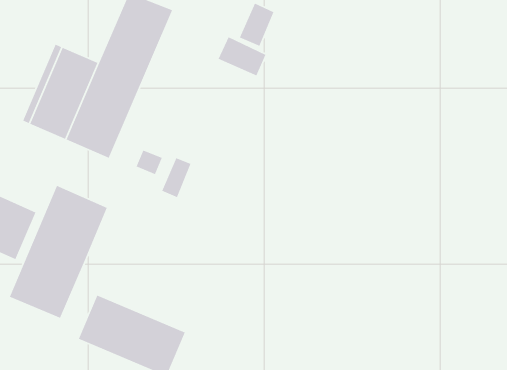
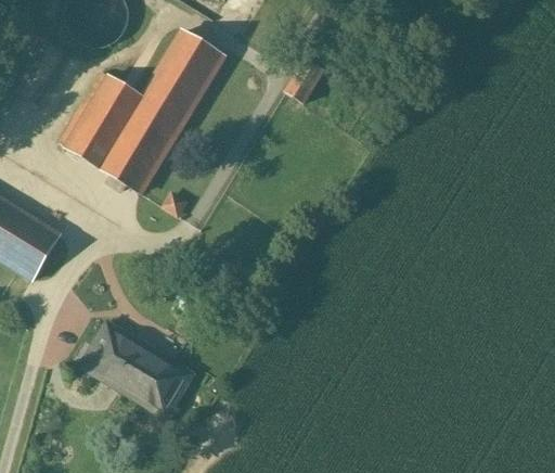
building: [217,36,266,77] -> none
building: [161,157,192,198] -> none
building: [9,185,108,319] -> none

